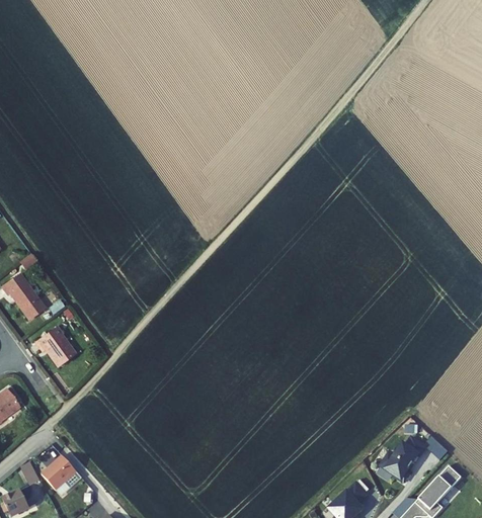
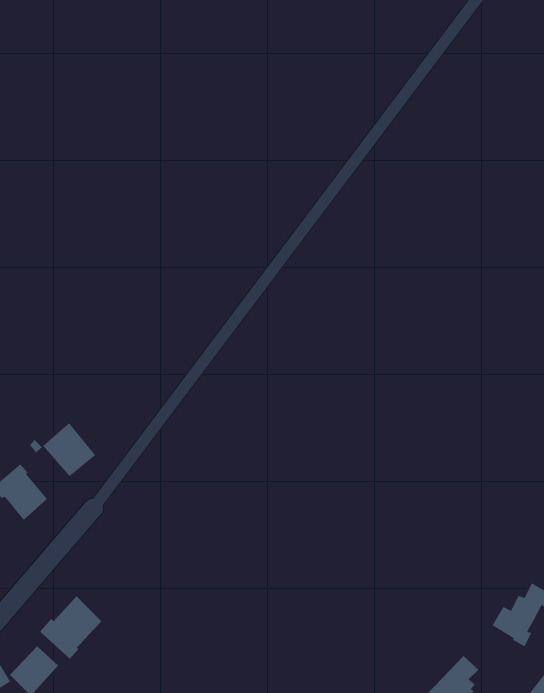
building: none -> [42,422,96,477]
building: none -> [39,595,102,660]

